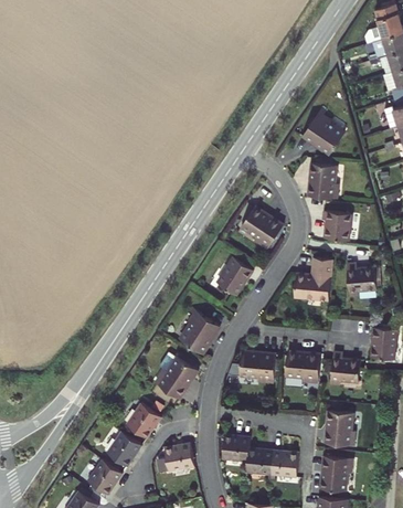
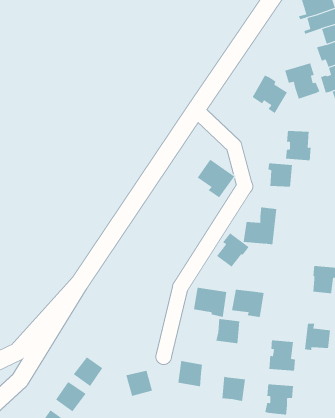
building: none -> [284,62,320,100]
building: [307,162,337,197] -> [285,131,312,161]
building: [220,254,257,294] -> [216,232,250,268]
building: [350,263,379,295] -> none
building: [180,306,220,353] -> none
building: [155,352,198,398] -> none
building: [331,356,361,387] -> [304,323,331,351]
building: [126,402,159,436] -> none
building: [246,447,274,476] -> [216,318,240,344]

